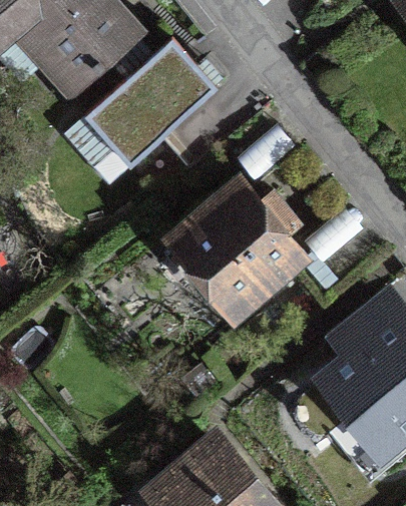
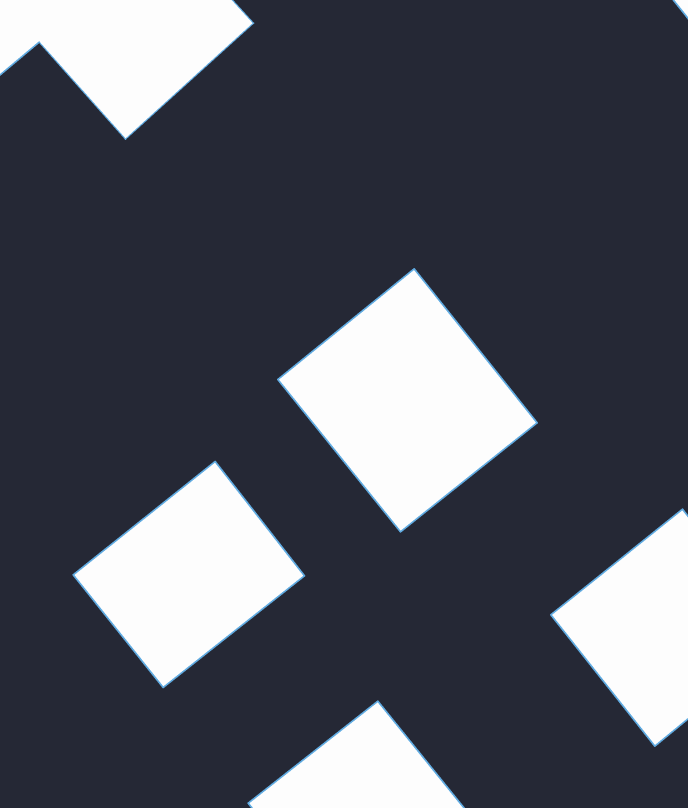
building: [93,41,215,158] -> none
building: none -> [73,462,305,687]

